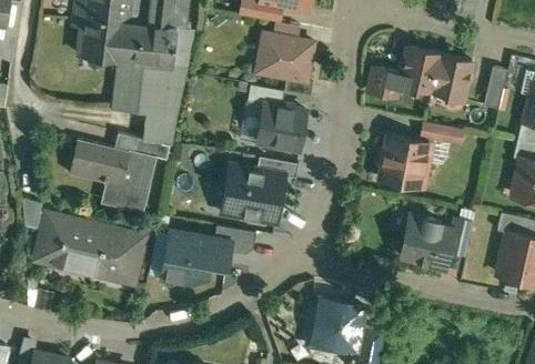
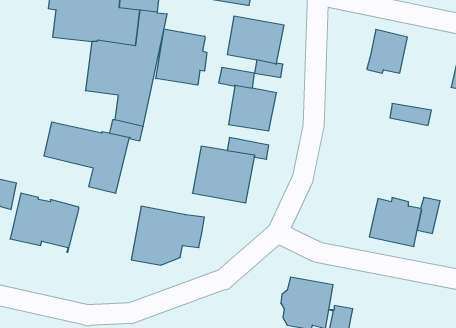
building: none -> [156,29,207,85]
building: [431,54,471,102] -> none
building: [366,68,401,98] -> none
building: [378,135,428,188] -> none
building: [213,225,254,254] -> none
building: [93,230,143,283] -> none

